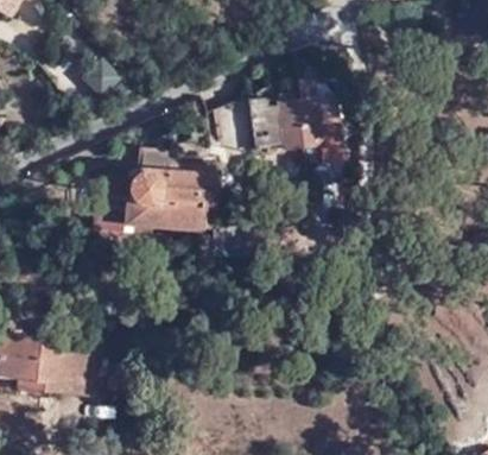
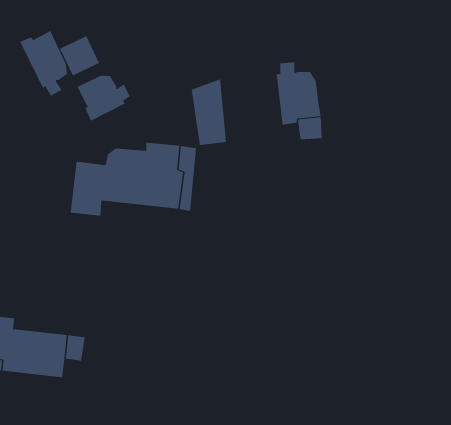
building: none -> [20,30,67,96]
building: [249,89,303,151] -> none
building: none -> [77,75,131,121]

